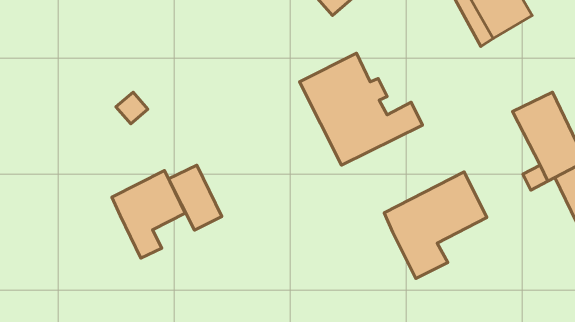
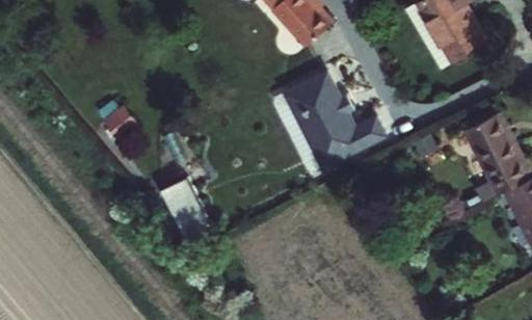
building: [112,171,185,258] -> none
building: [384,172,487,279] -> none

